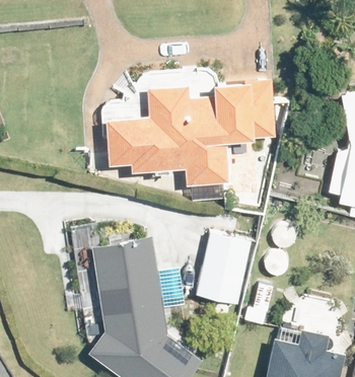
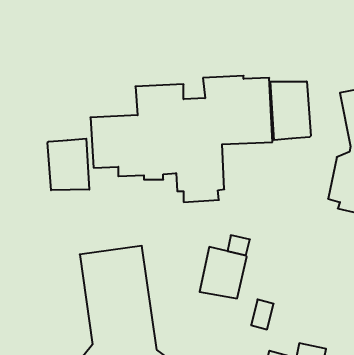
building: none -> [270,81,311,140]
building: none -> [48,139,89,190]

